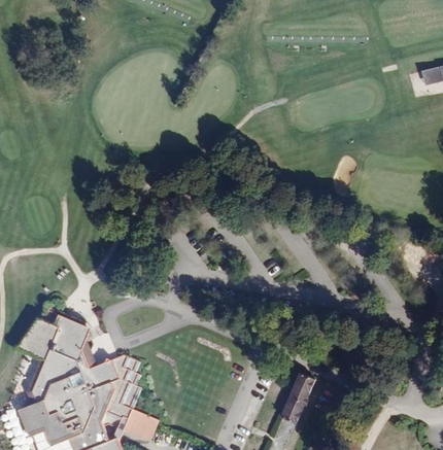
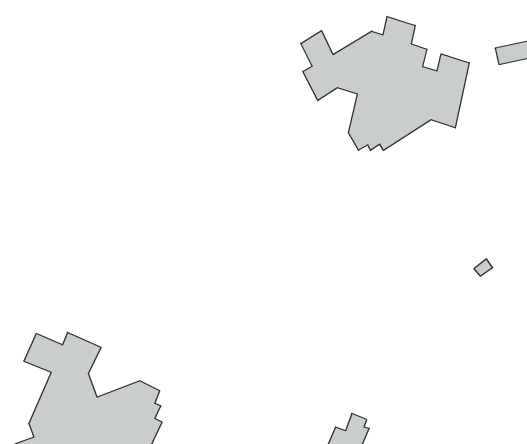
building: none -> [301,16,469,150]

